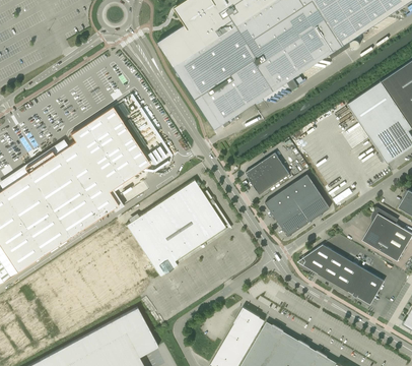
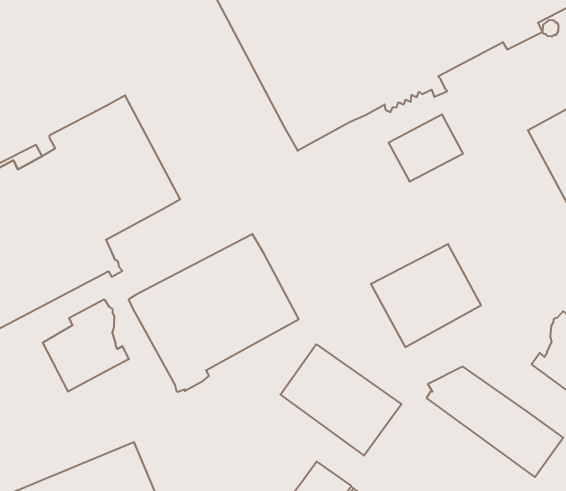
building: [246,154,289,194] -> [389,114,463,182]
building: none -> [43,299,129,392]
building: none -> [280,344,402,456]

